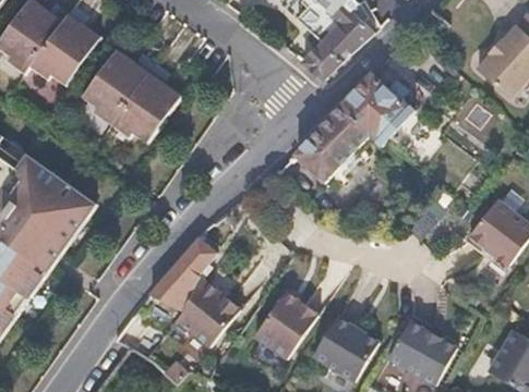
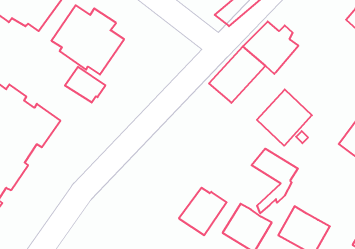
building: none -> [65,67,105,103]
building: none -> [257,89,312,146]
building: [149,236,241,346] -> none
building: none -> [252,149,298,213]

